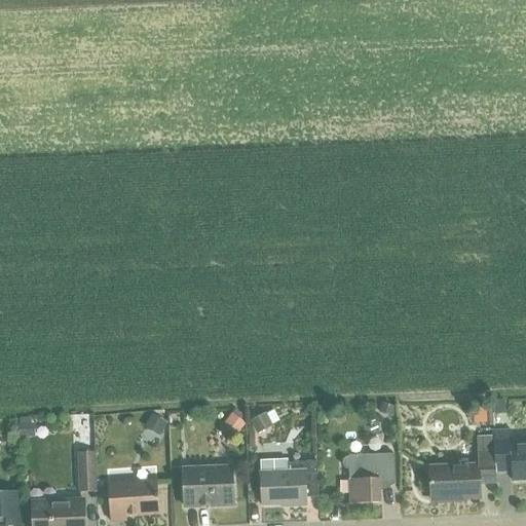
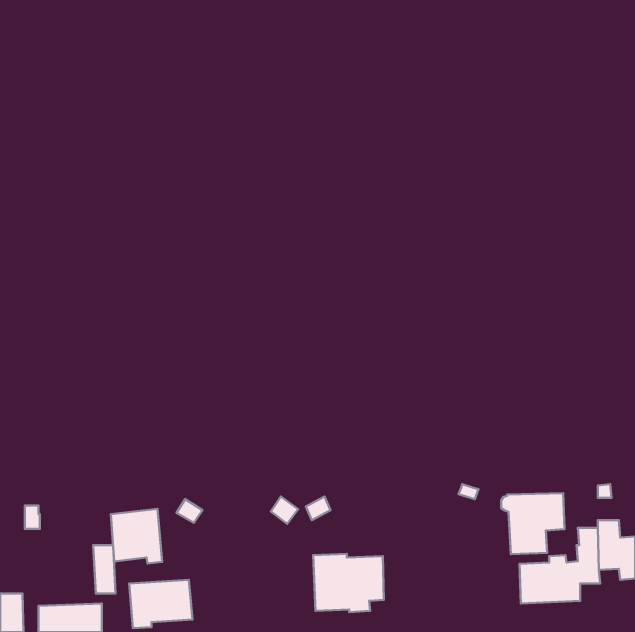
building: none -> [111,509,162,563]
building: [342,453,394,503] -> [501,493,564,554]
building: [183,467,232,505] -> none

